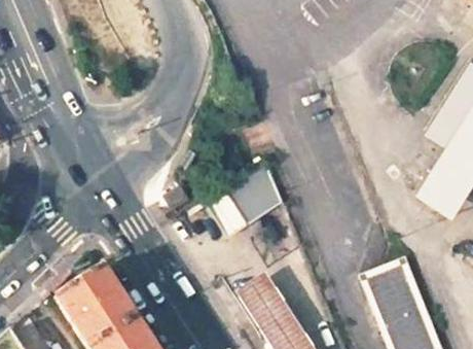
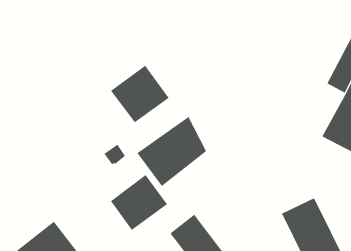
building: none -> [110,65,169,123]
building: none -> [110,174,168,231]

